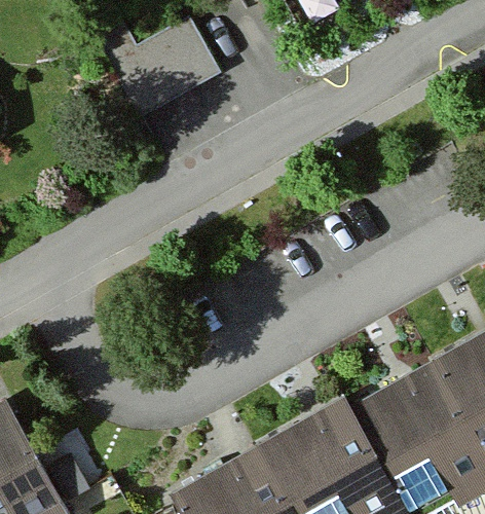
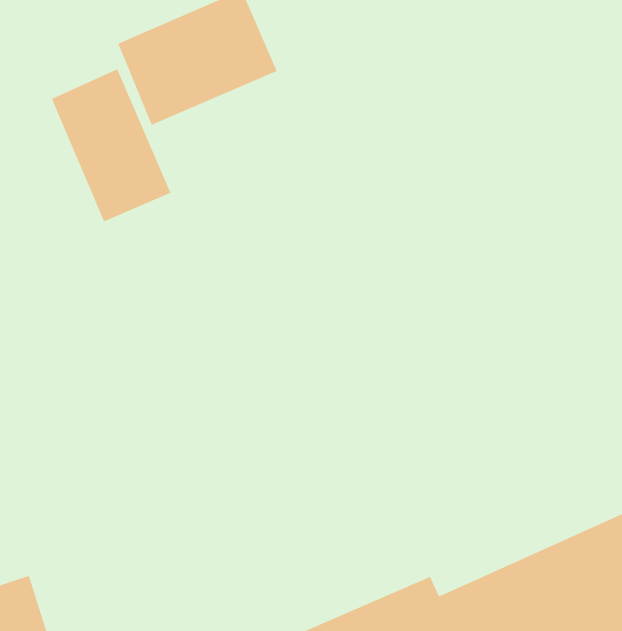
building: none -> [51,69,171,222]

